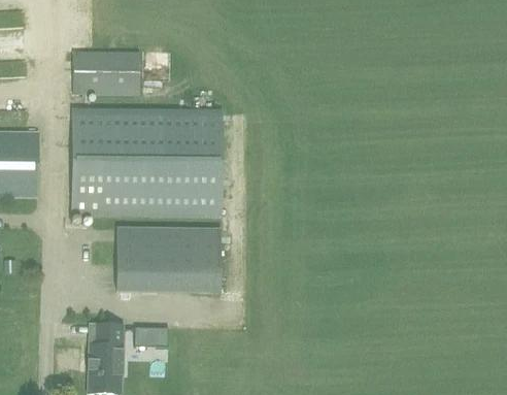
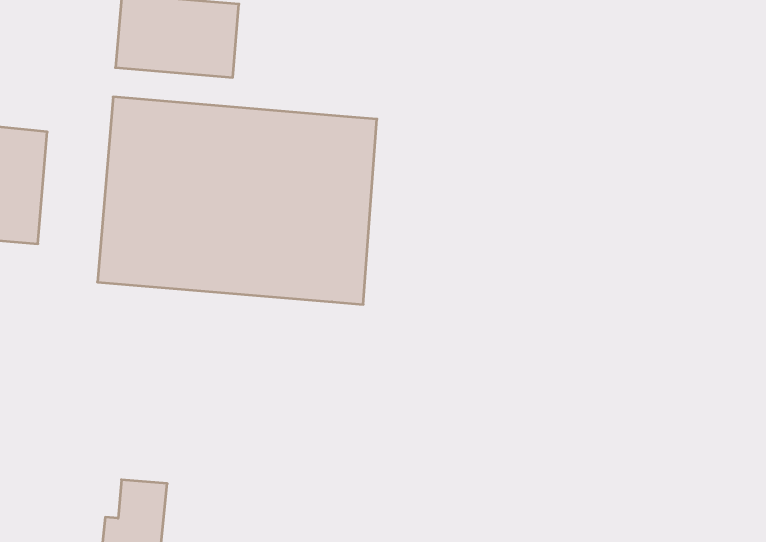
building: [116,227,221,290] -> none
building: [137,328,170,344] -> none

